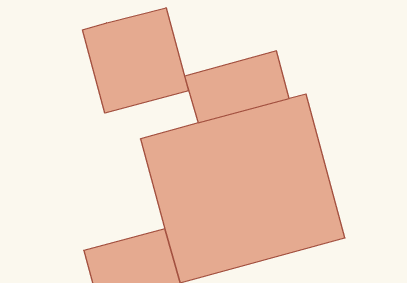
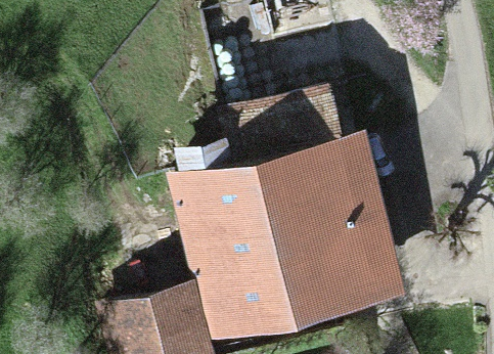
building: [83,8,189,113] -> none

